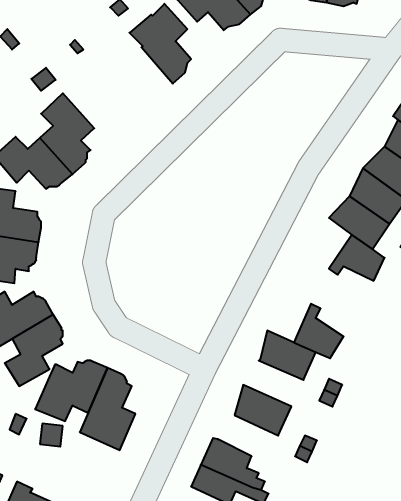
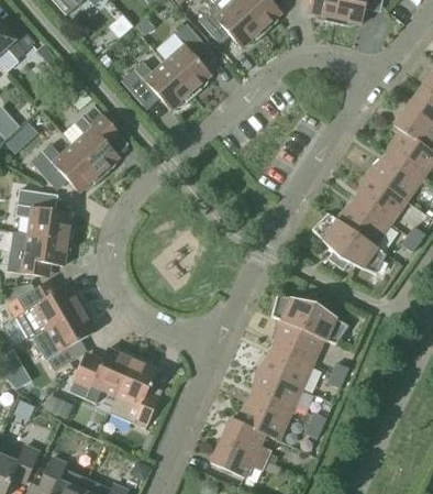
building: none -> [121,62,193,110]
building: none -> [311,212,356,264]
building: none -> [270,292,319,331]
building: none -> [257,348,312,389]
building: none -> [234,397,289,441]

